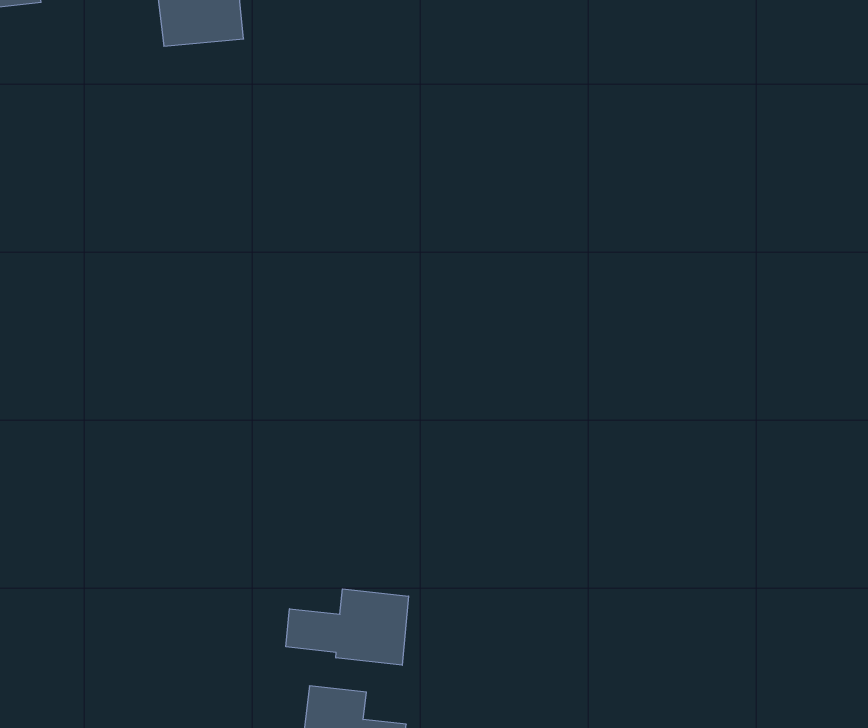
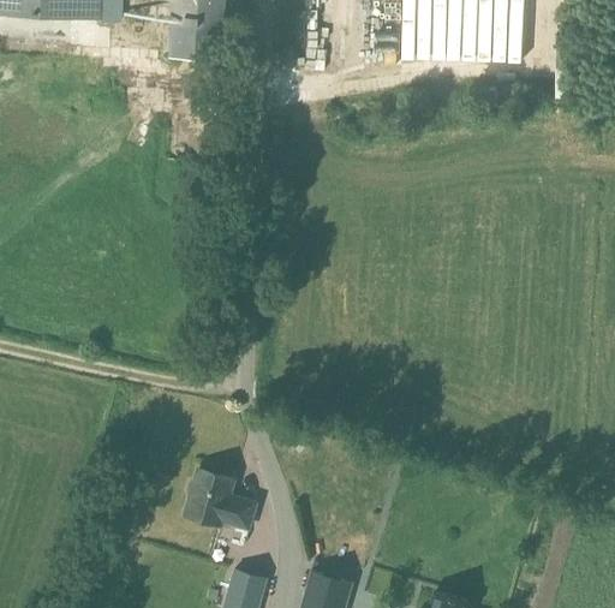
building: [286,589,409,665] -> none

